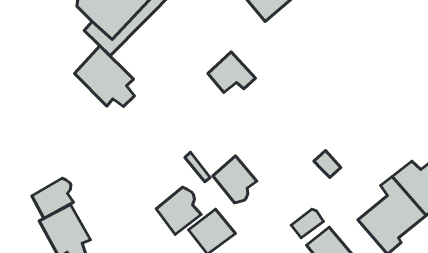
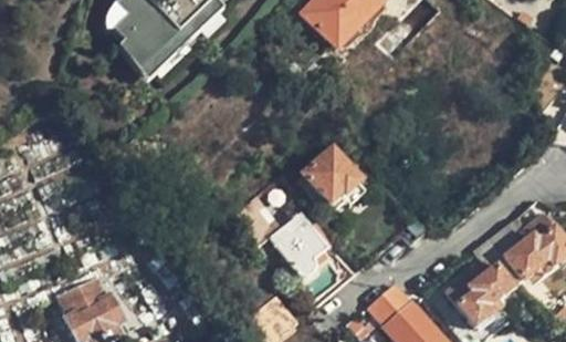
building: [74,46,135,106] -> none
building: [208,52,255,92] -> [301,149,359,199]
building: [32,178,73,218] -> none
building: [156,187,201,234] -> none

